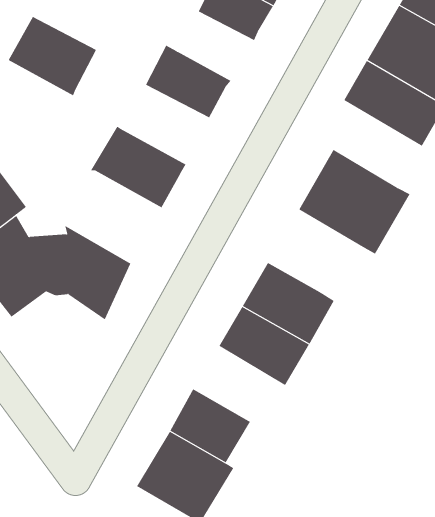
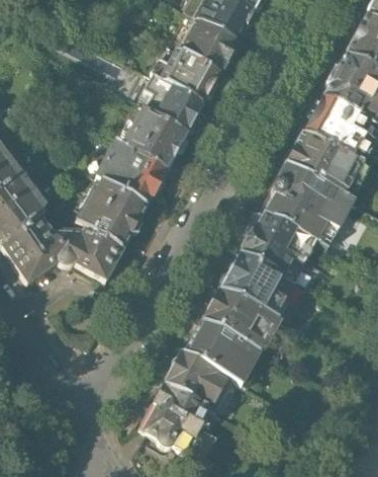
building: none -> [168,49,228,103]
building: [8,16,97,96] -> [123,106,193,169]
building: none -> [279,118,360,187]
building: none -> [79,174,156,247]
building: none -> [239,205,314,269]
building: none -> [180,312,258,380]

